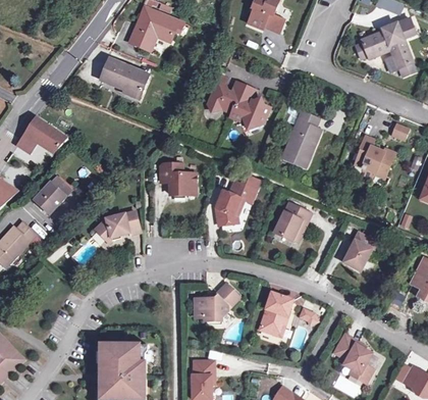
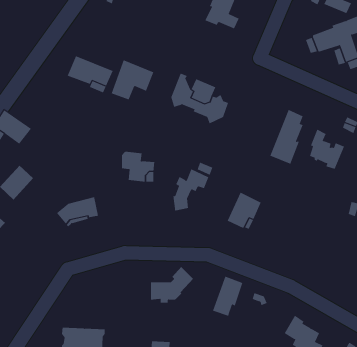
building: [133,7,179,50] -> [111,60,154,100]
building: [286,111,322,169] -> [270,109,304,164]
building: [343,233,375,270] -> none

